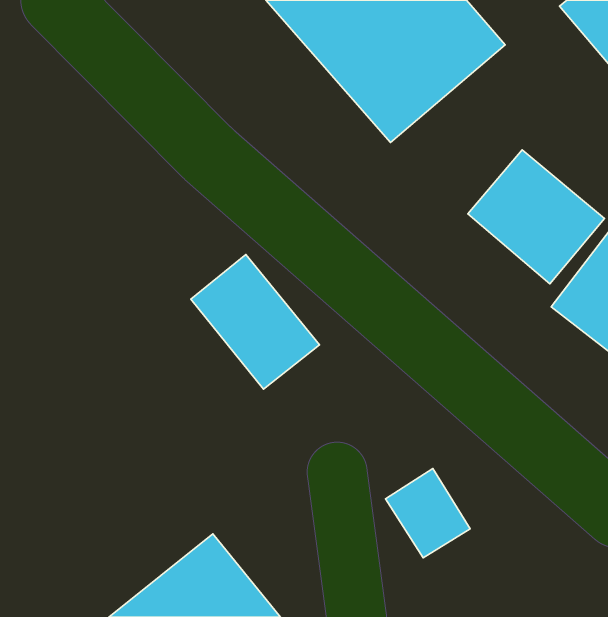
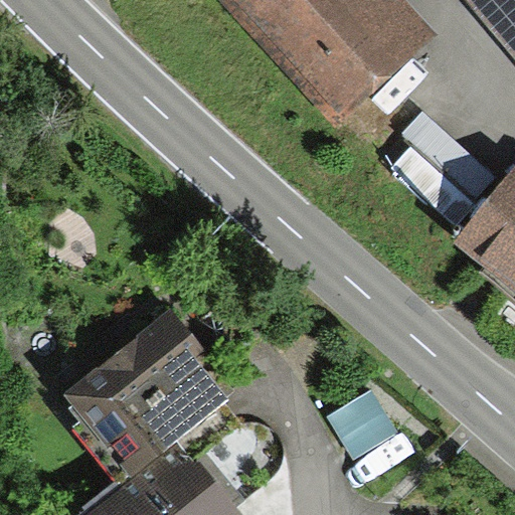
building: [191,255,319,389] -> none
building: none -> [67,319,226,472]

